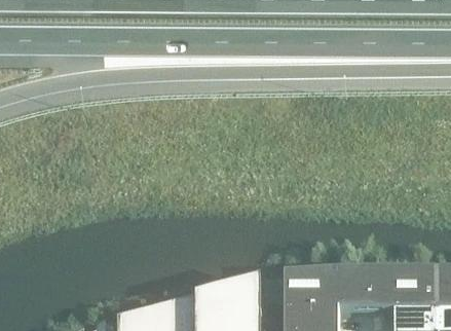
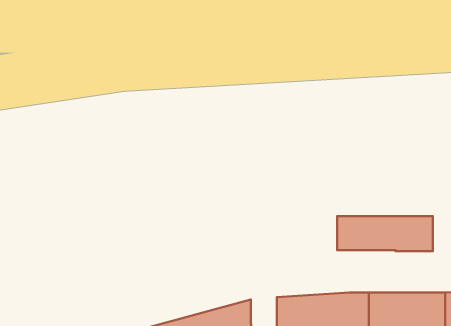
building: none -> [337,216,433,251]

